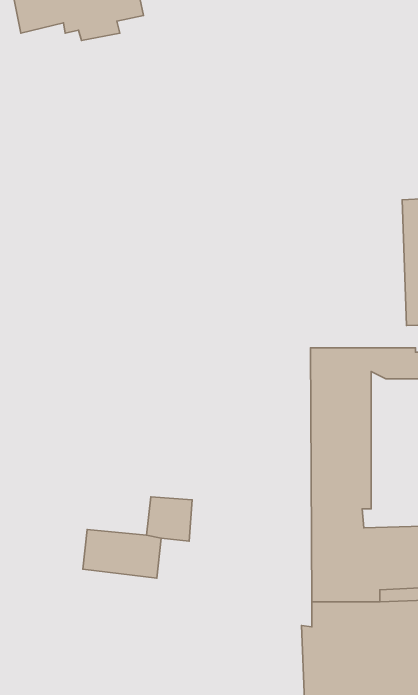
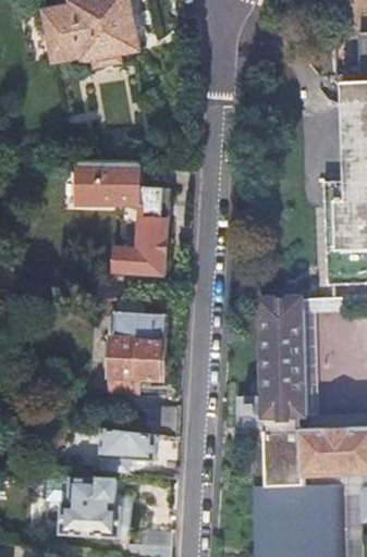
building: none -> [76,165,167,277]
building: none -> [108,299,164,392]
building: none -> [57,482,119,539]

